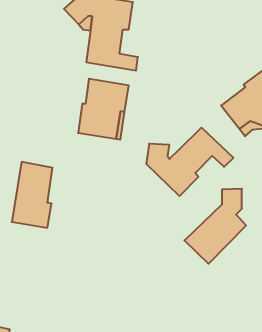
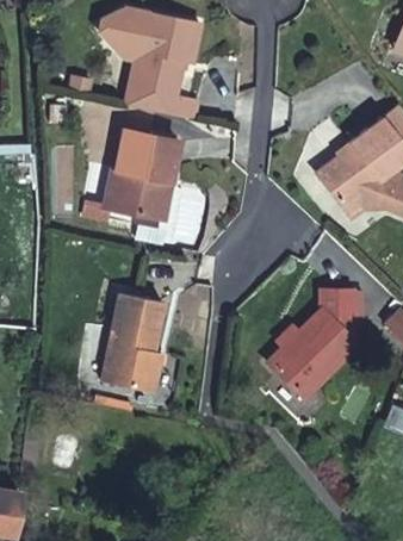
building: [147,128,233,196] -> none
building: [12,162,52,228] -> [103,292,161,386]

